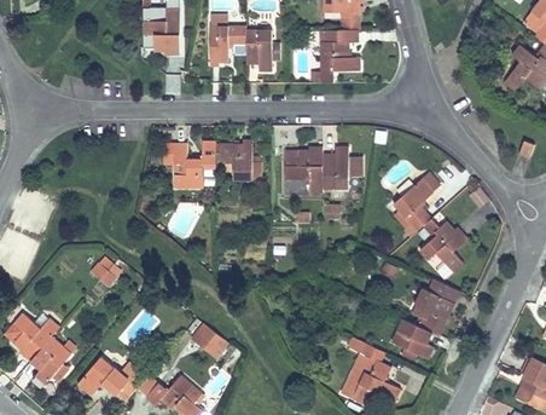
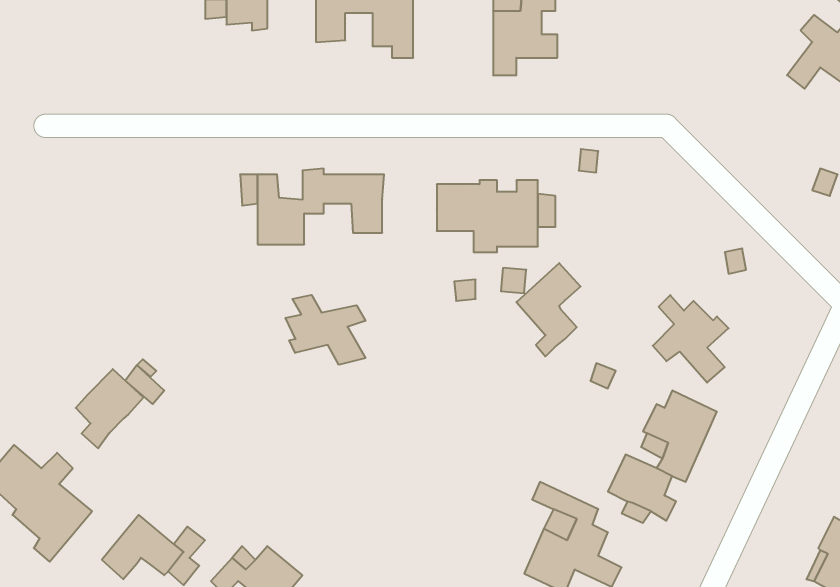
building: [393,179,432,237] -> [516,263,581,356]
building: none -> [286,295,365,365]
building: none -> [76,369,143,448]
building: [193,323,228,356] -> none

